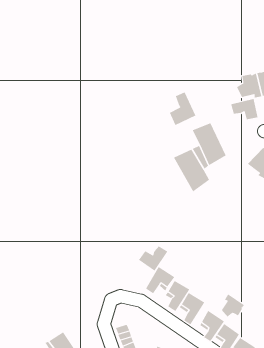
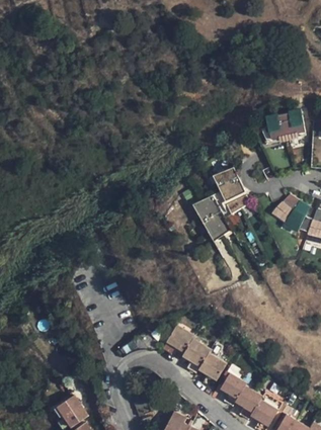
building: [169,92,196,126] -> none
building: [231,98,258,120] -> none
building: [138,245,168,271] -> none
building: [221,294,245,318] -> none

